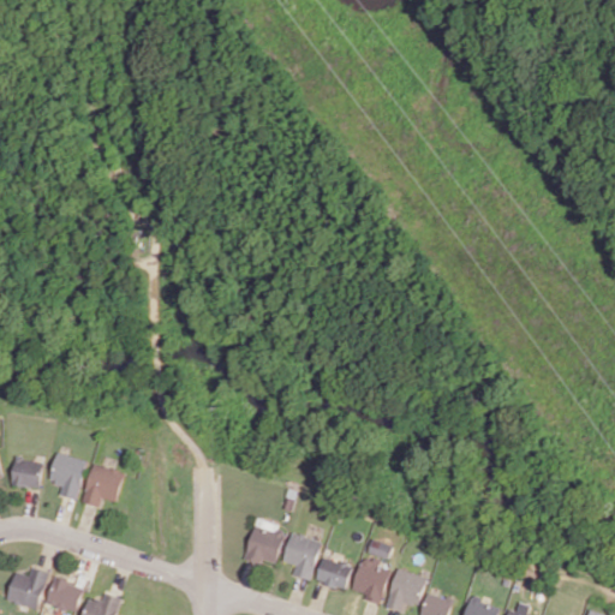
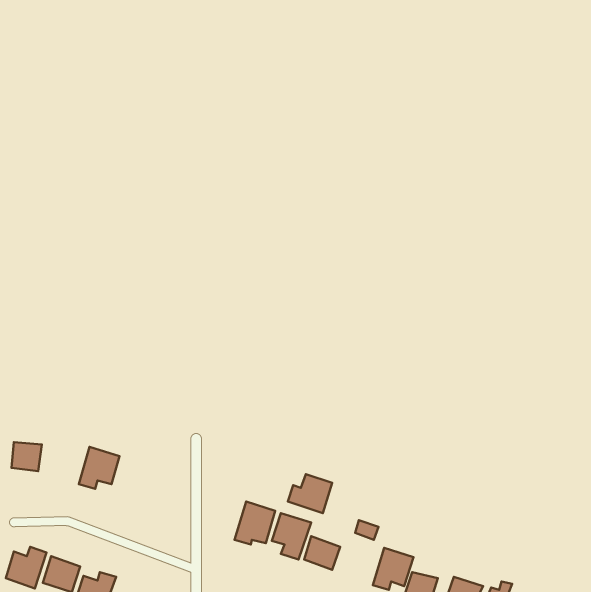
building: [49,453,86,500] -> none
building: none -> [288,474,332,513]
building: [351,556,390,601] -> none

